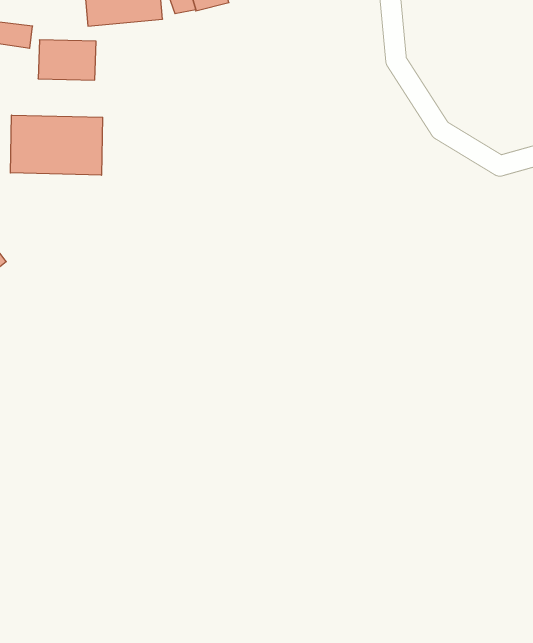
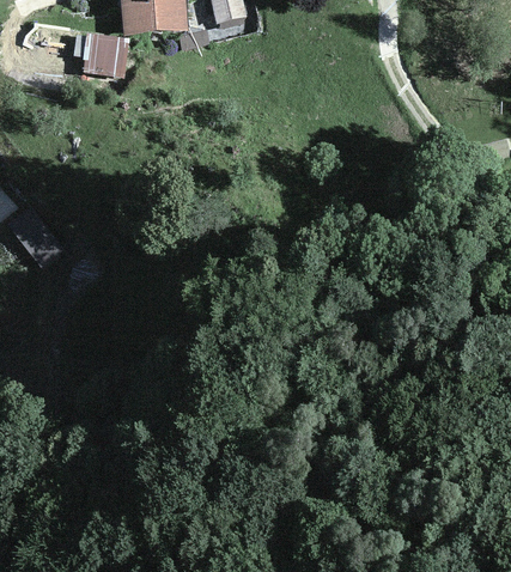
building: [10,115,103,175] -> none

